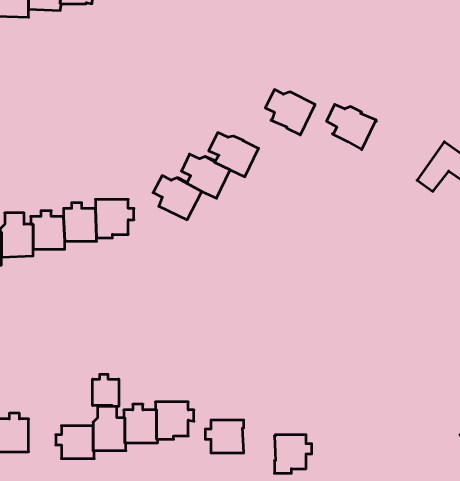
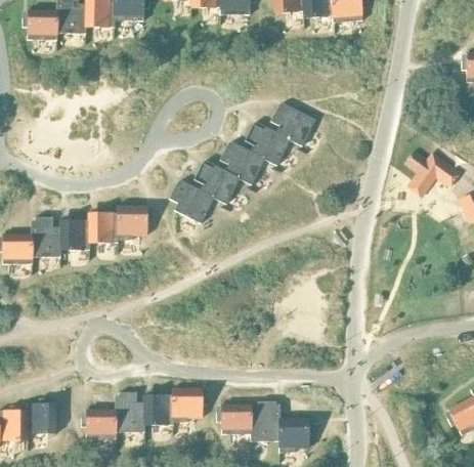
building: [327,104,376,150] -> [246,124,291,165]
building: [93,374,119,406] -> none
building: none -> [251,400,281,440]

